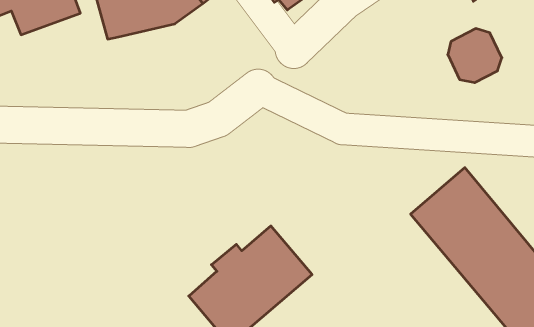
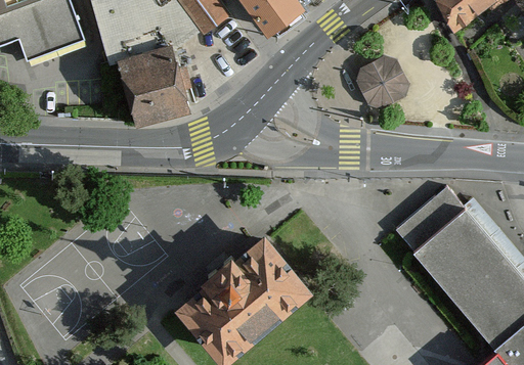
building: none -> [120,50,196,123]
building: [448,29,502,83] -> [357,59,408,110]

